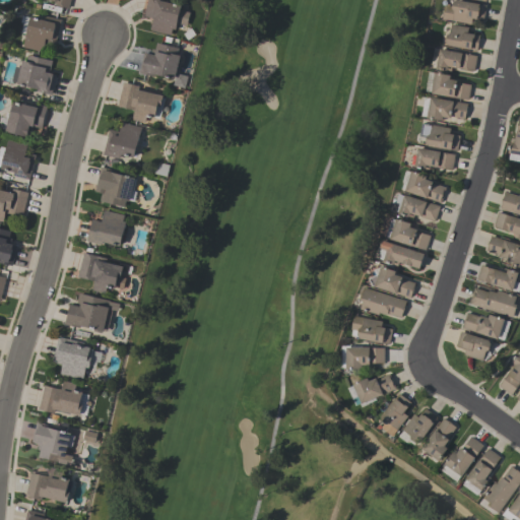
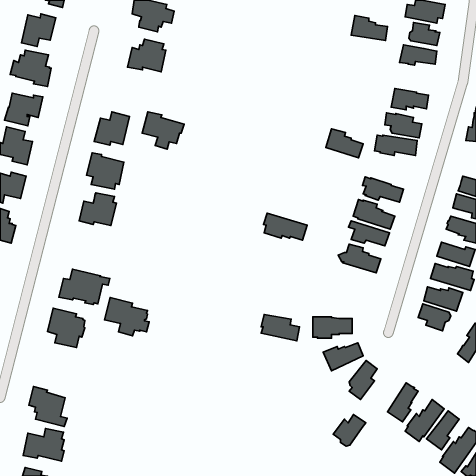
building: [431,72,470,100] -> [351,15,387,41]
building: [118,82,164,123] -> [142,112,184,149]
building: [405,171,446,202] -> [326,129,363,158]
building: [77,252,126,294] -> [105,297,149,336]
building: [359,287,406,317] -> [263,213,307,240]
building: [350,316,392,344] -> [261,315,299,341]
building: [39,380,83,415] -> none
building: [402,408,438,443] -> [333,414,366,446]

